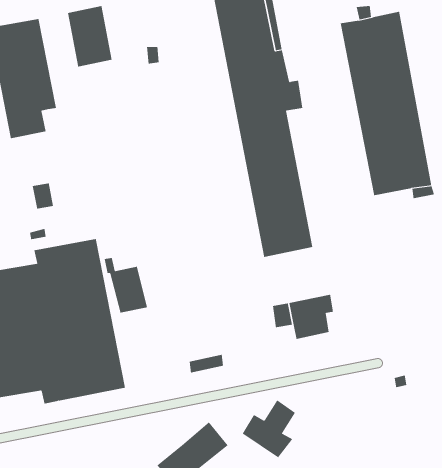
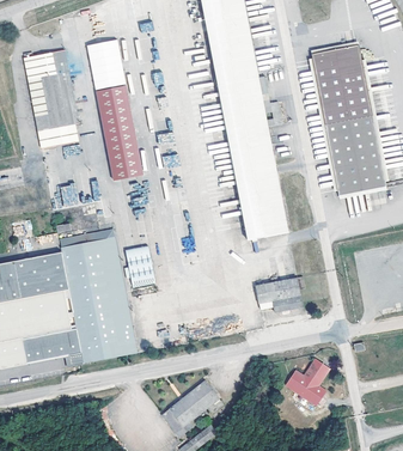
building: none -> [96,83,142,177]
building: [242,400,296,458] -> [285,356,329,404]

